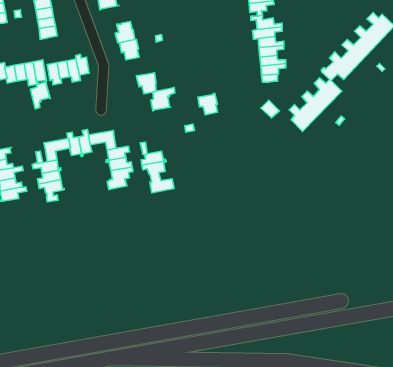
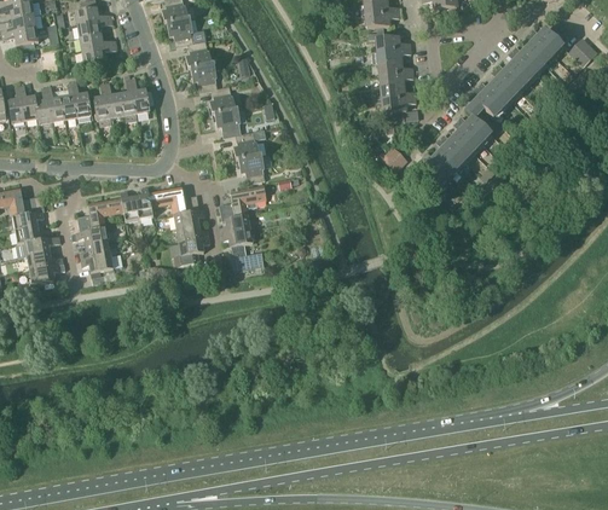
building: none -> [167,17,193,46]
building: none -> [209,85,236,114]
building: [30,82,50,109] -> none
building: [198,93,218,115] -> [238,153,265,182]
building: none -> [231,185,266,216]

